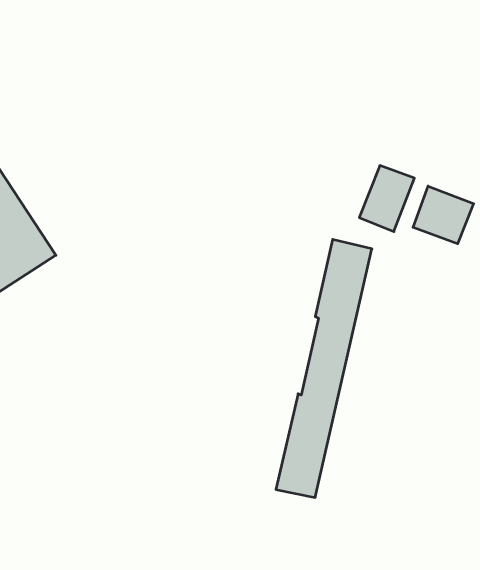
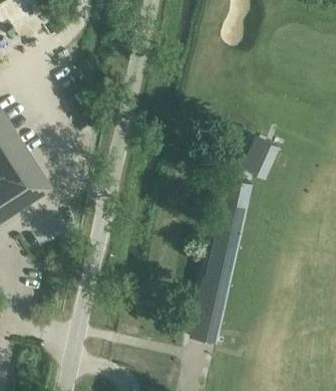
building: [413,186,474,244] -> none

